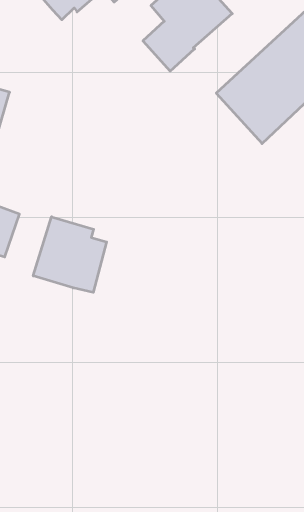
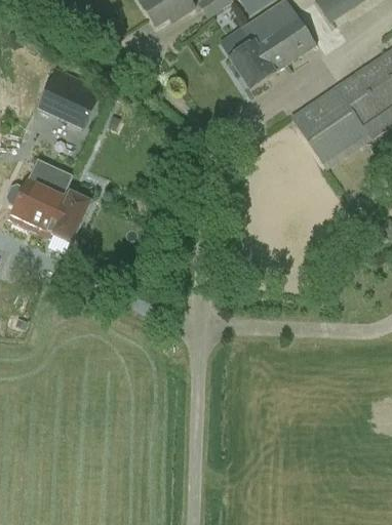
building: [33,217,107,292] -> none

